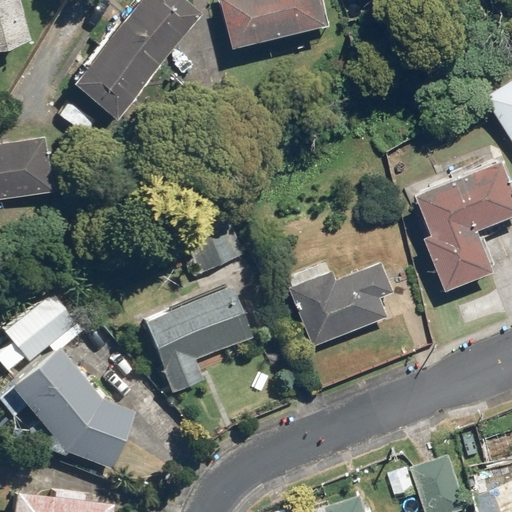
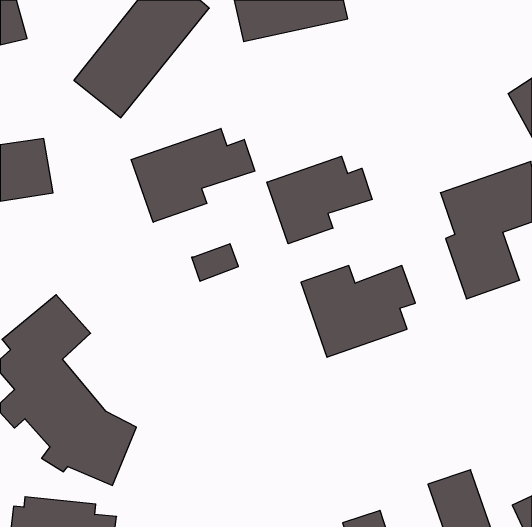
building: none -> [131,128,255,222]
building: none -> [267,156,372,244]
building: [141,285,251,393] -> none

